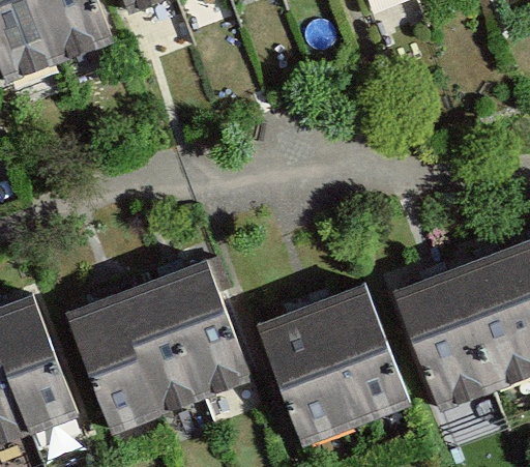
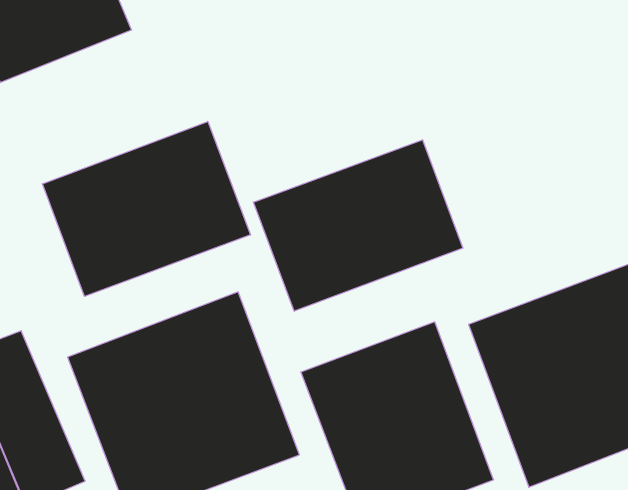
building: none -> [42,121,251,296]
building: none -> [253,140,463,311]

